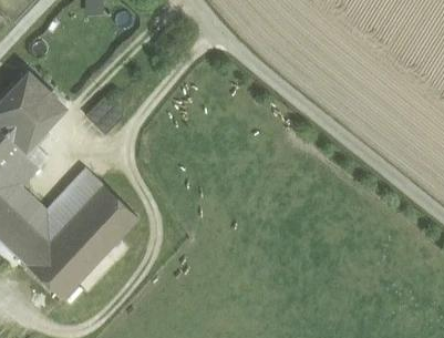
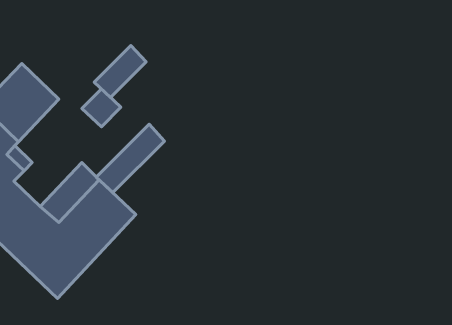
building: none -> [94,45,146,97]
building: none -> [96,124,164,193]

